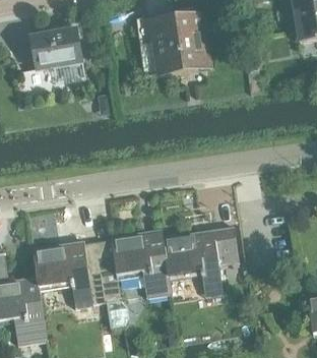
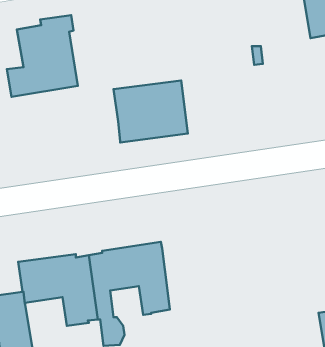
building: [138,15,206,72] -> [114,80,188,142]
building: [164,226,239,297] -> none

